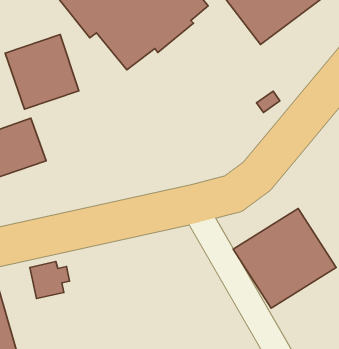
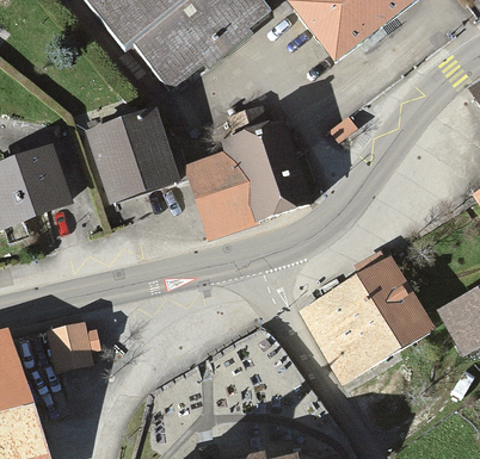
building: [5,35,79,109] -> [87,110,178,201]
building: none -> [185,122,309,235]

